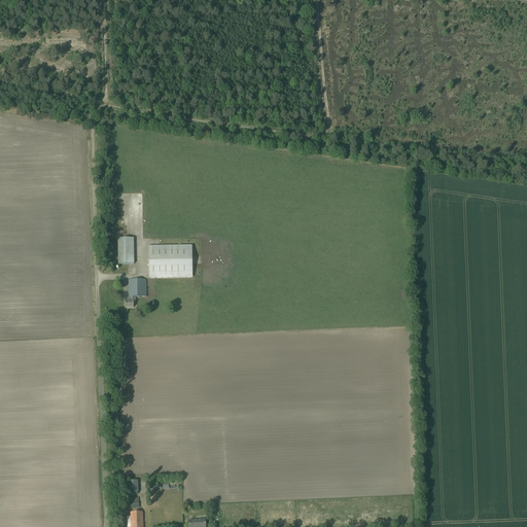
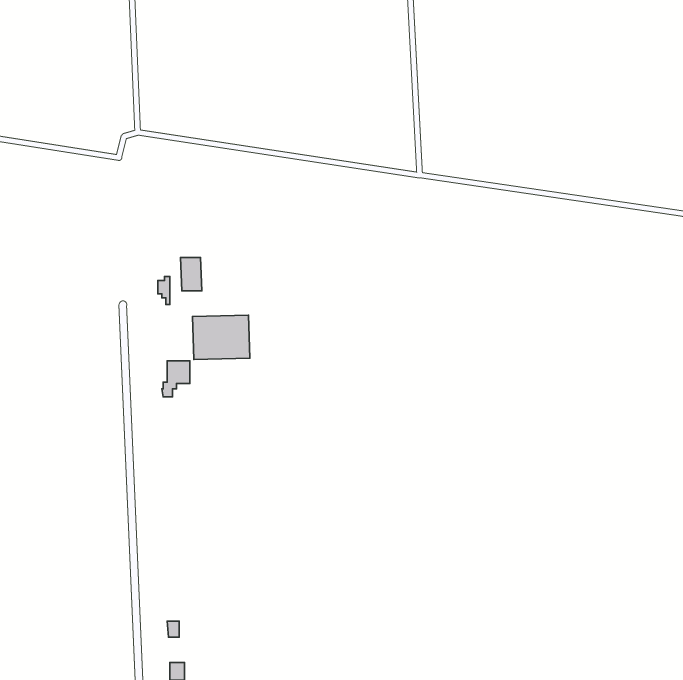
building: [117,237,134,262] -> [180,257,202,291]

